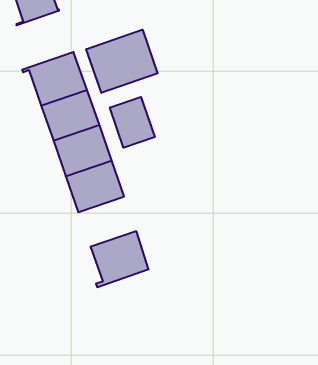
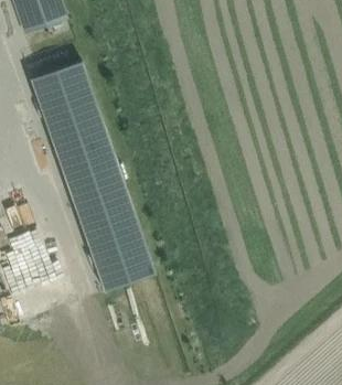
building: [86,30,158,93] -> none
building: [110,97,155,148] -> none
building: none -> [79,200,137,249]

